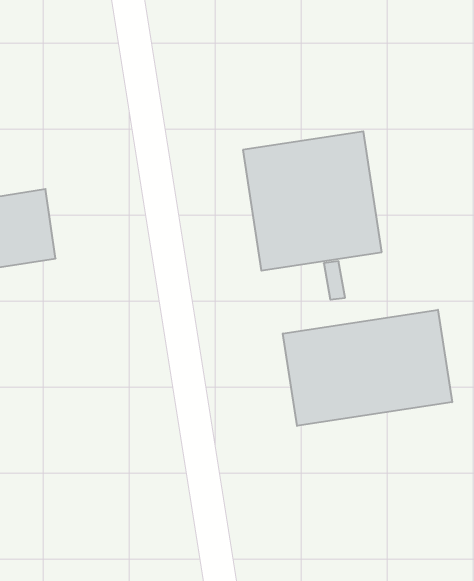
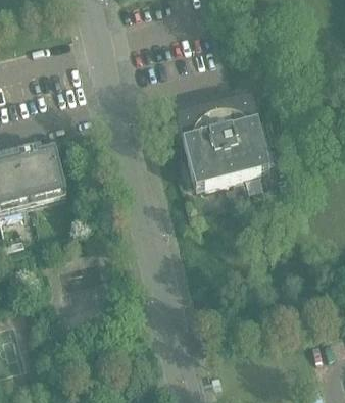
building: [283,310,452,426] -> none

